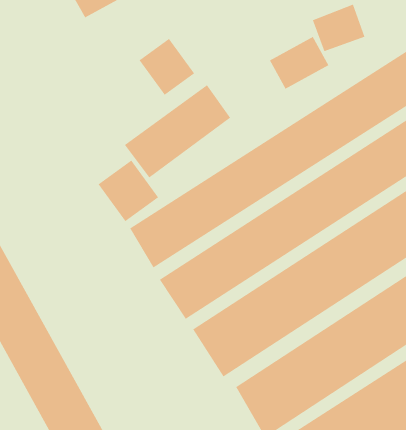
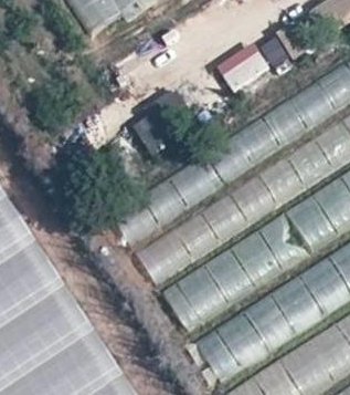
building: [139,38,195,96] -> none
building: [98,159,159,222] -> none

